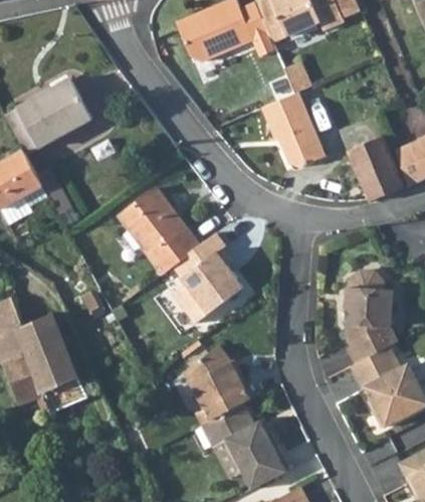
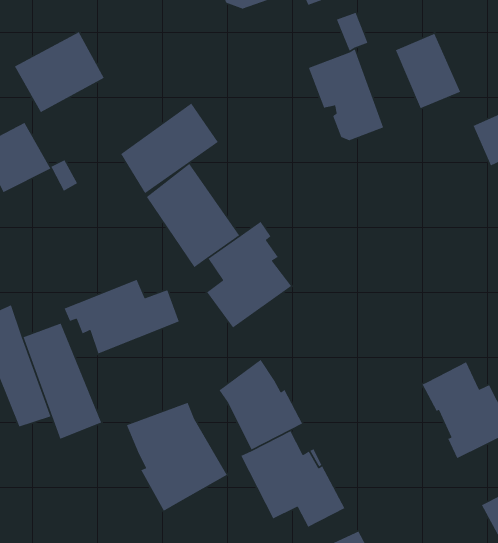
building: none -> [120,102,219,194]
building: [349,140,404,203] -> [395,33,461,109]
building: [346,274,398,365] -> none
building: none -> [64,279,180,354]
building: none -> [126,402,228,512]

